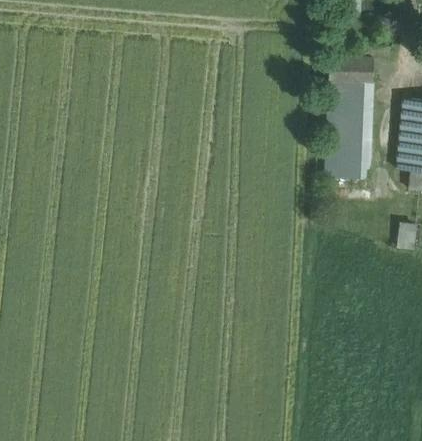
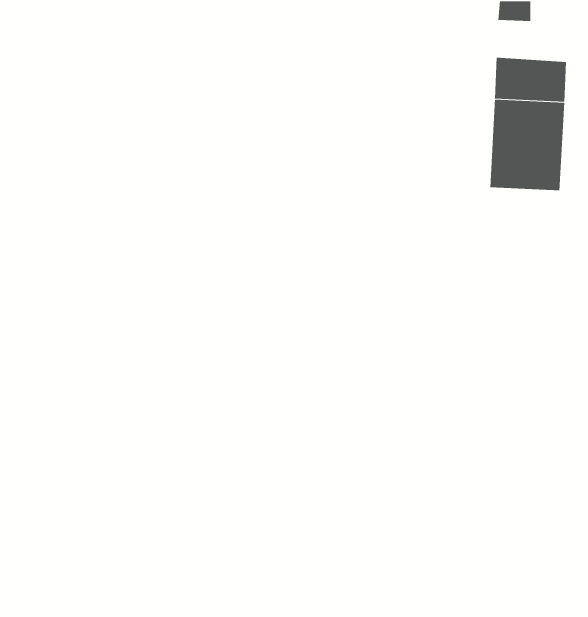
building: [323,136,369,179] -> none

